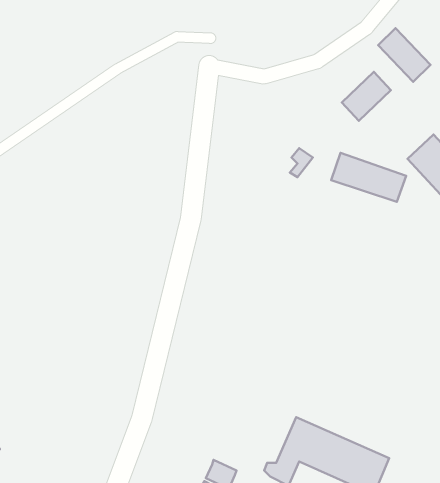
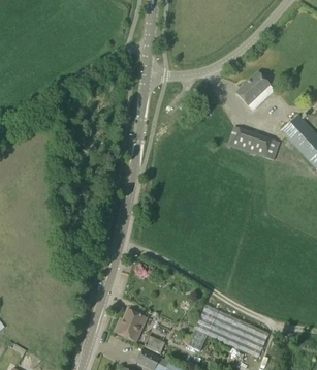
building: [378,28,430,82] -> none
building: none -> [117,309,145,340]

